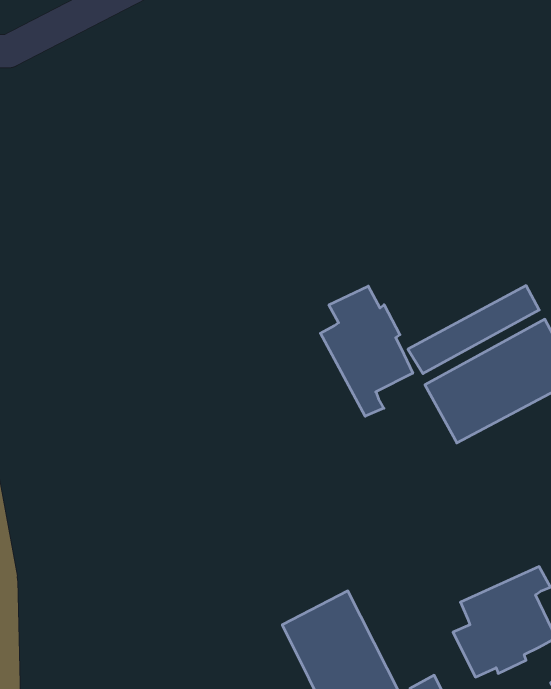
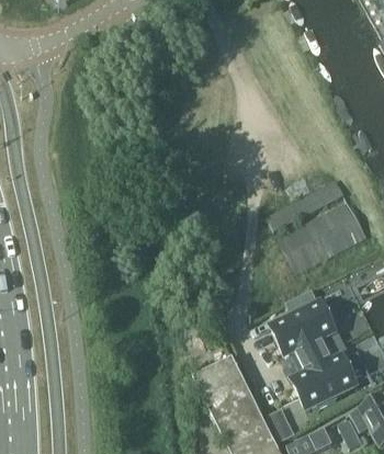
building: [320,286,413,416] -> none
building: none -> [273,292,345,365]

